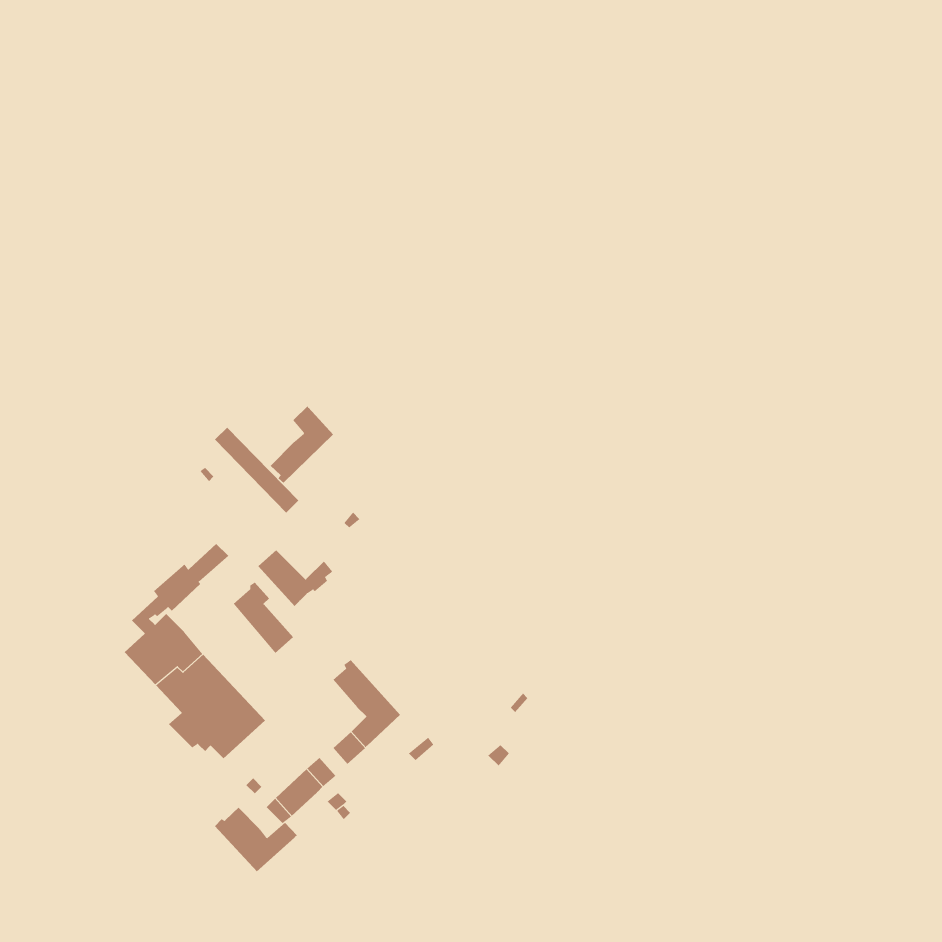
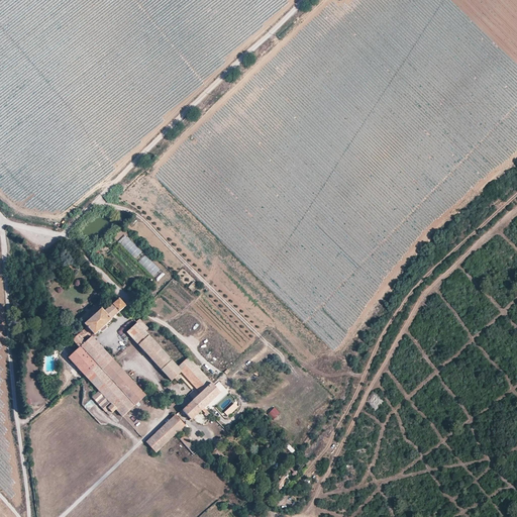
building: [270,406,334,483] -> none
building: [258,549,333,607] -> [150,348,192,380]
building: [214,807,298,872] -> none

